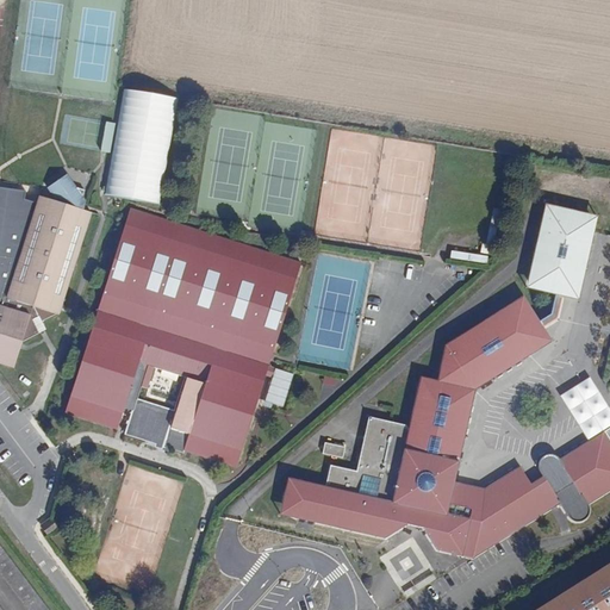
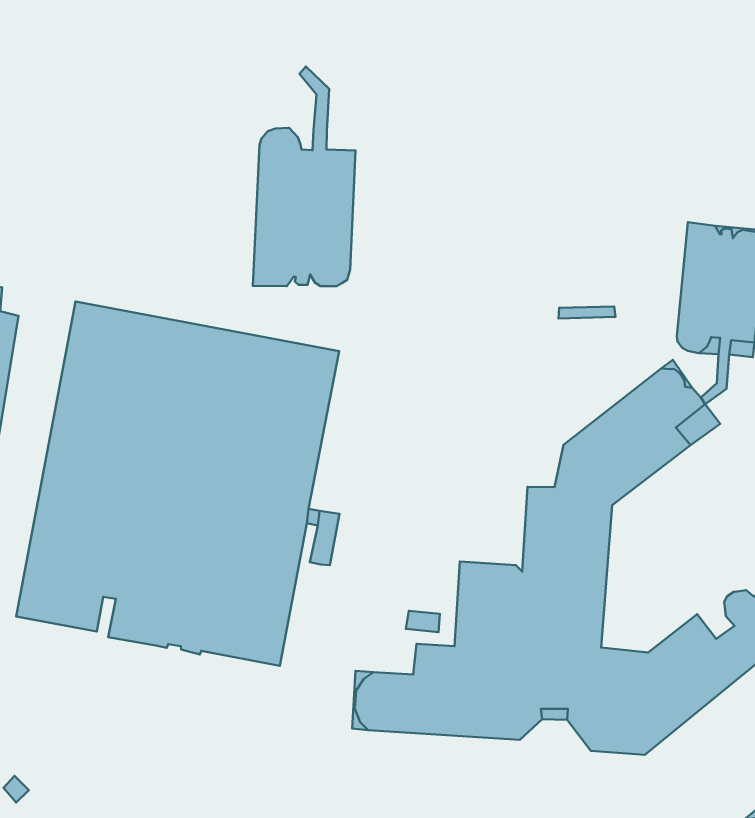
building: none -> [253,67,355,286]
building: [104,88,176,203] -> none

